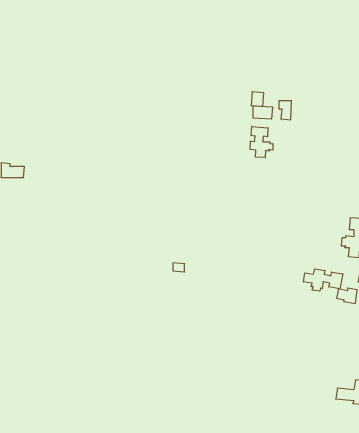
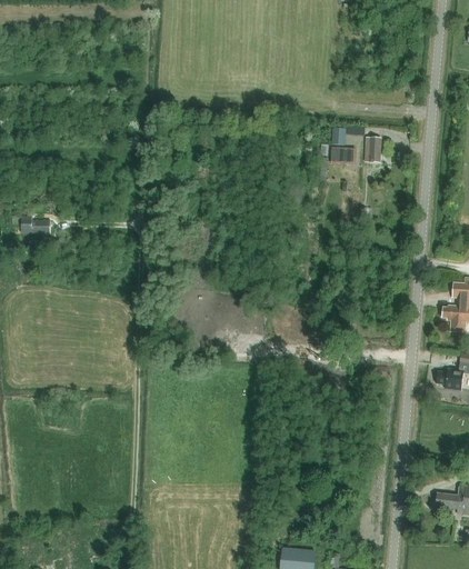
building: [250,126,273,158] -> none
building: [304,269,343,291] -> none

